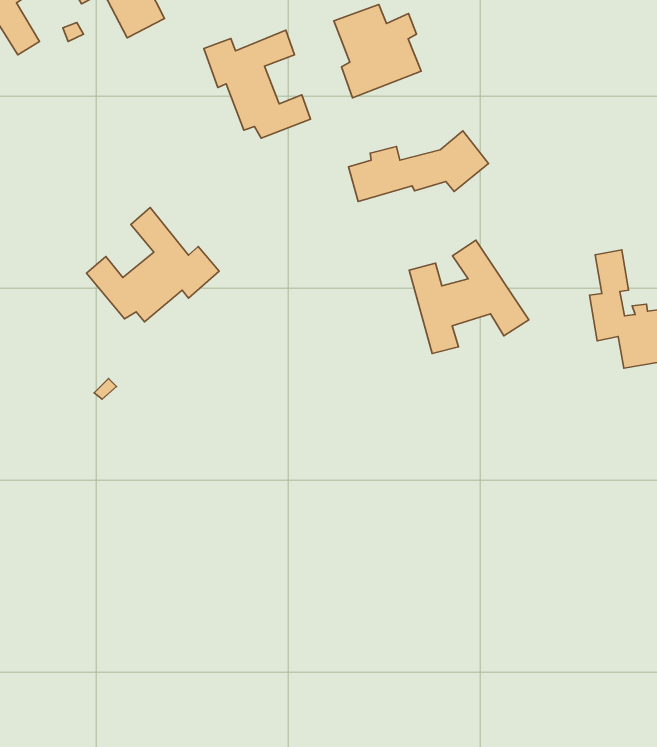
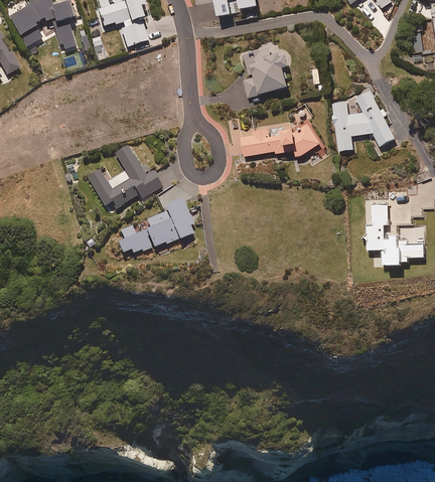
building: [204,30,311,138] -> none
building: [409,240,529,354] -> [331,90,395,150]
building: none -> [118,197,193,253]

